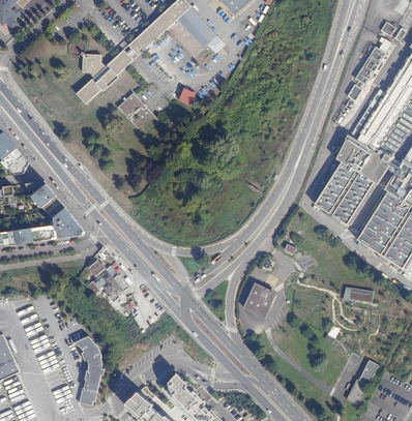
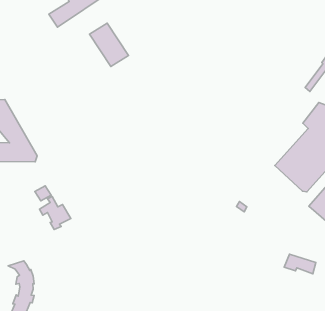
building: [244,283,276,318] -> none

